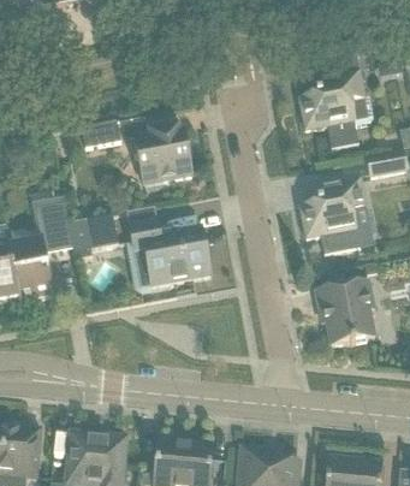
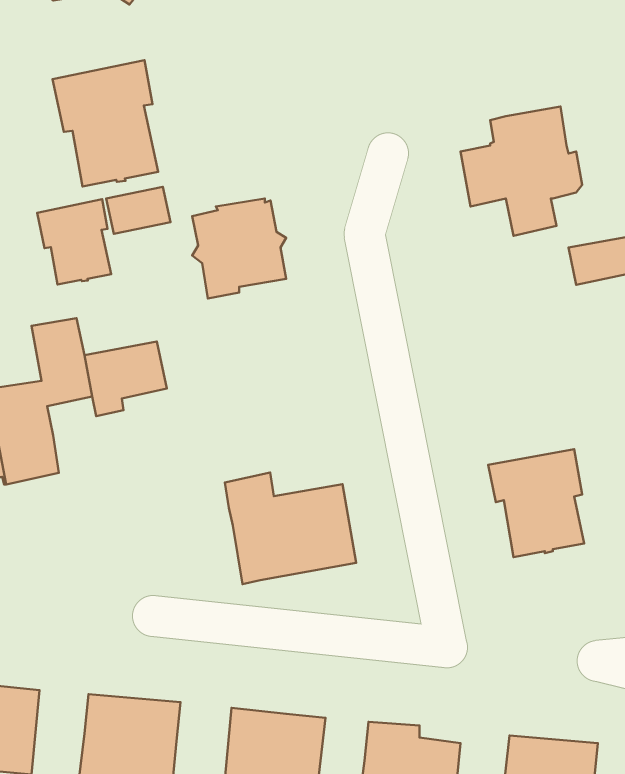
building: none -> [53,60,158,186]
building: none -> [37,199,111,285]
building: [299,176,366,253] -> none
building: [129,218,209,286] -> [225,473,356,584]

